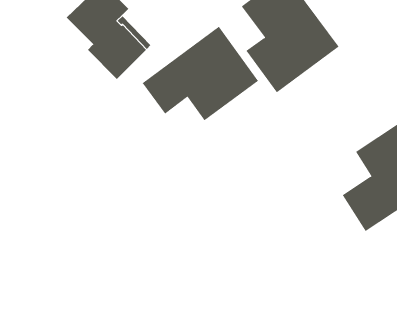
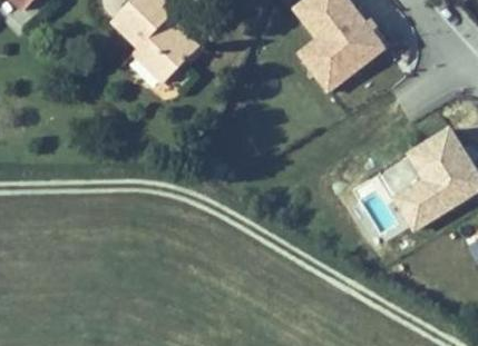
building: [142,26,259,121] -> none

